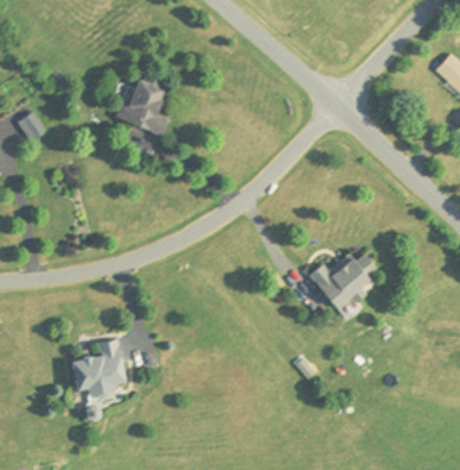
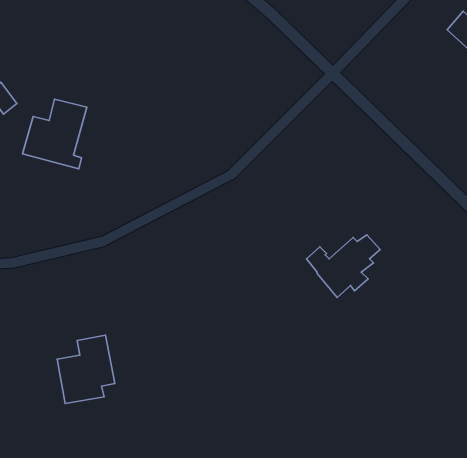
building: [118,71,175,133] -> [22,99,87,169]

